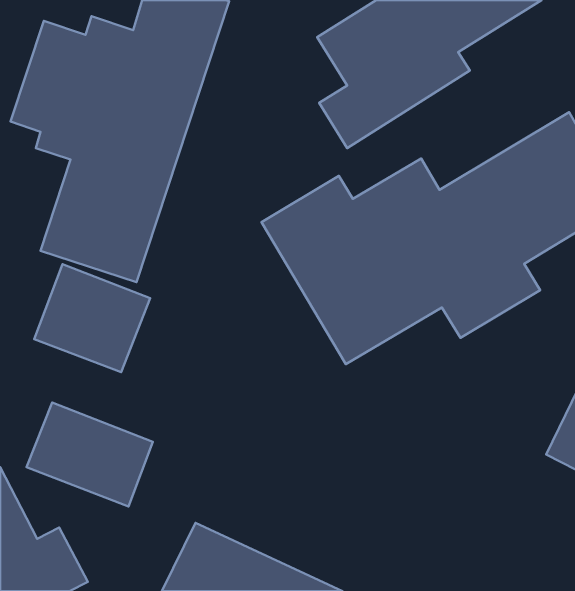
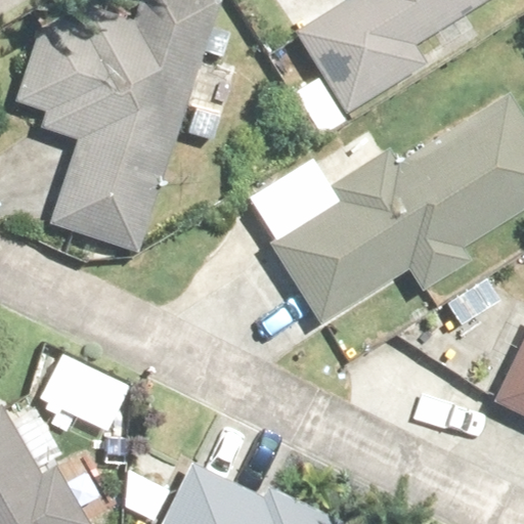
building: [34,264,150,372] -> none

